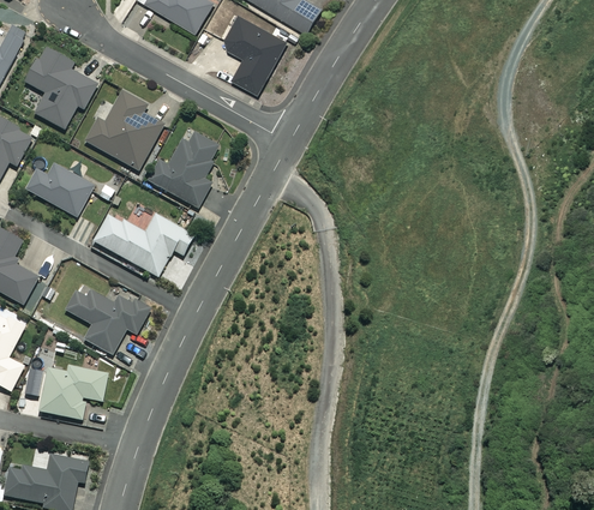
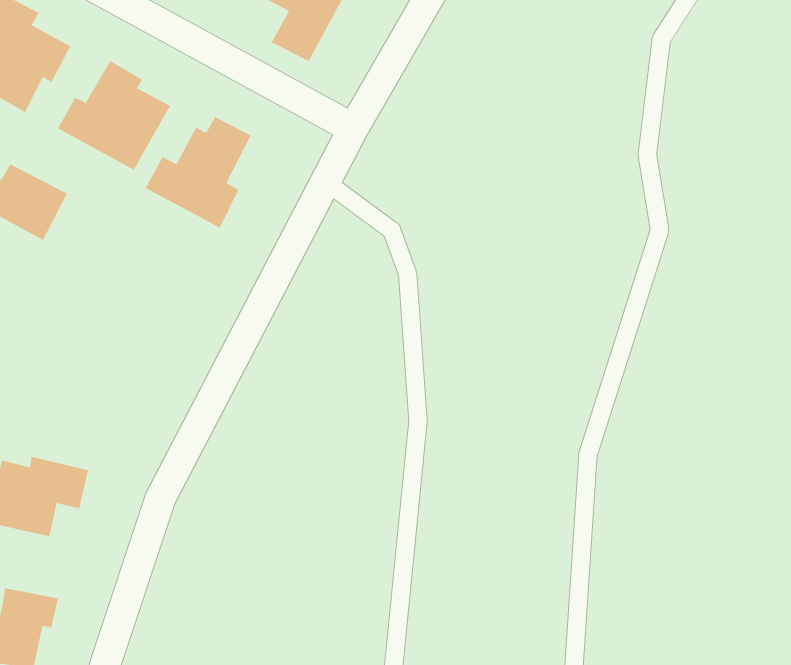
building: [94,212,192,275] -> none
building: [65,286,149,355] -> none

